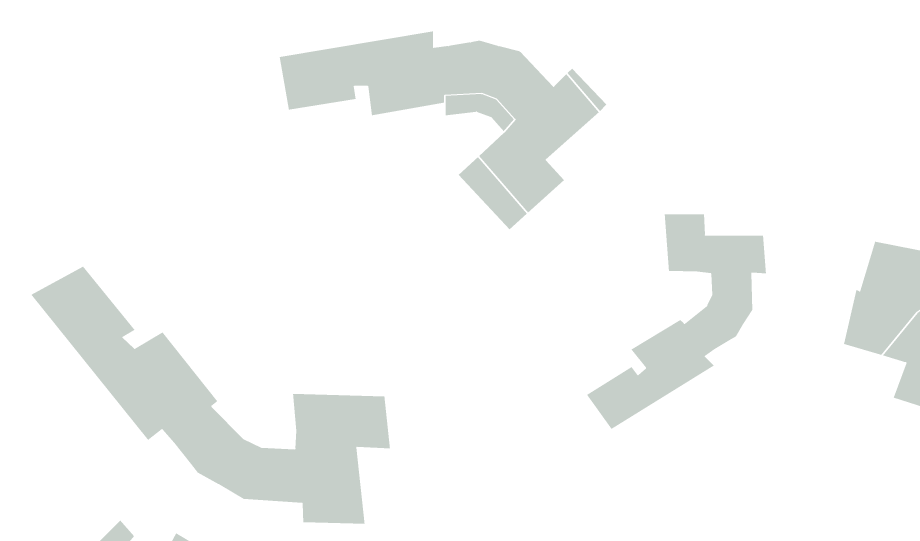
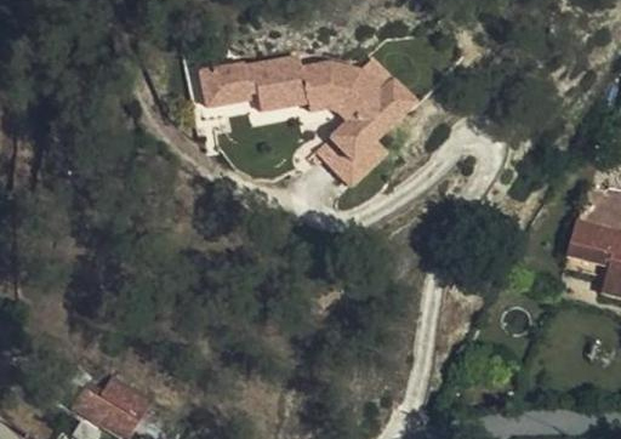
building: [586,214,767,430] -> none
building: [30,266,390,524] -> none

